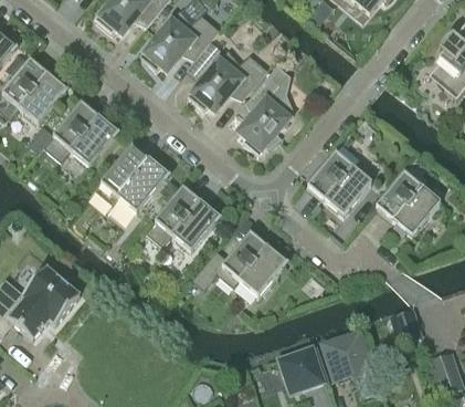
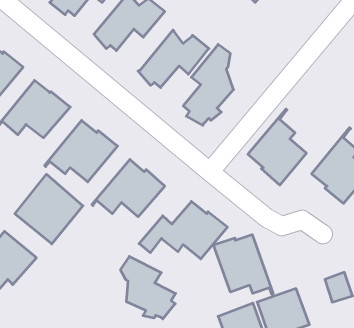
building: none -> [15,174,83,244]
building: none -> [214,235,273,294]
building: none -> [121,256,176,319]

